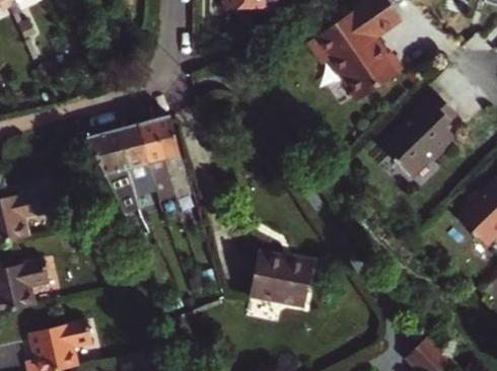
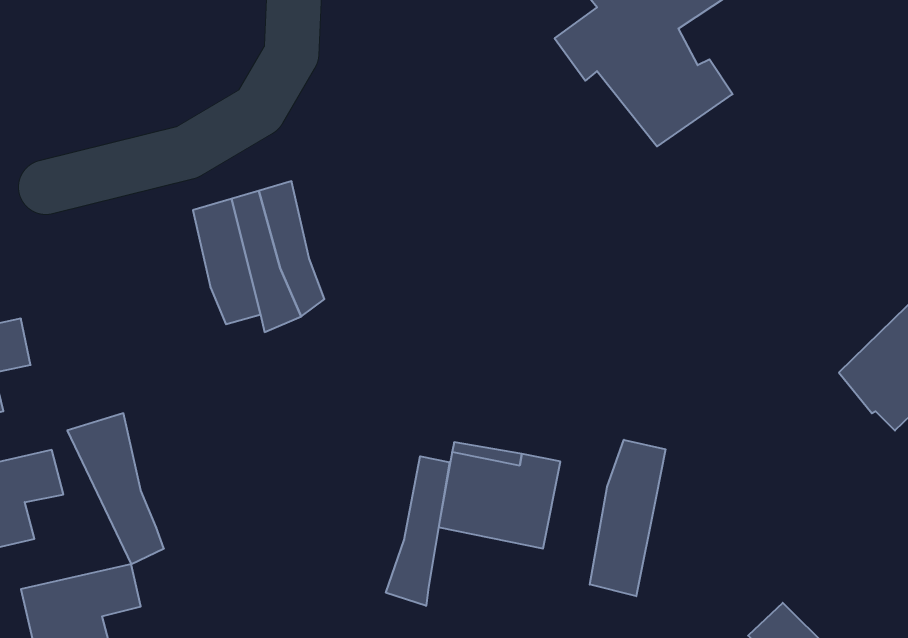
building: [382,93,457,177] -> none
building: [90,132,141,211] -> [67,413,164,564]
building: none -> [590,440,666,596]
building: none -> [386,456,449,606]

